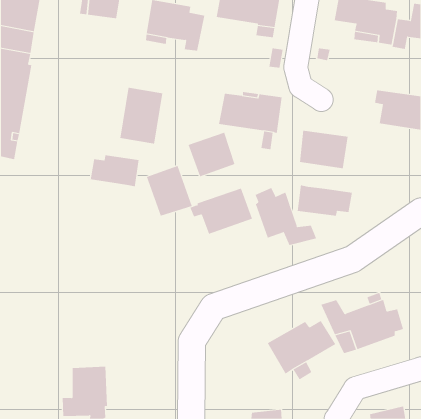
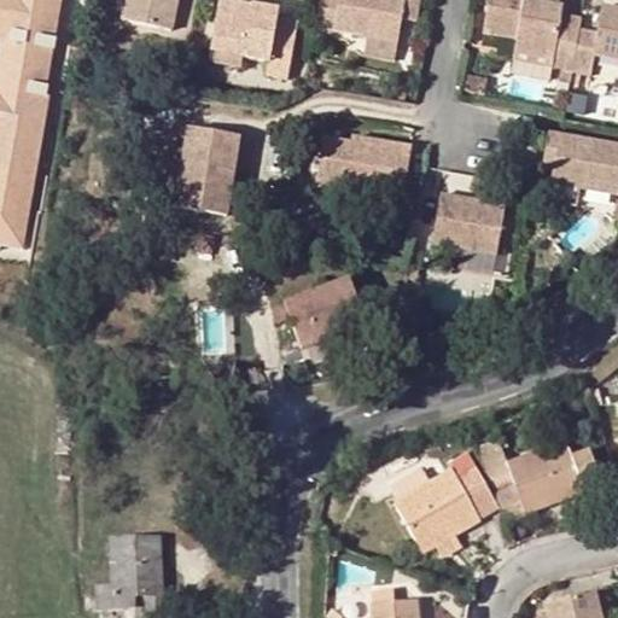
building: [188,132,235,177] -> none
building: [90,155,139,187] -> none
building: [146,165,192,216] -> none
building: [297,185,352,217] -> none
building: [255,187,317,246] -> none

